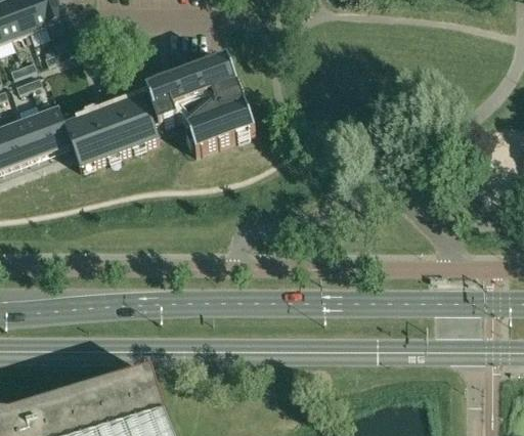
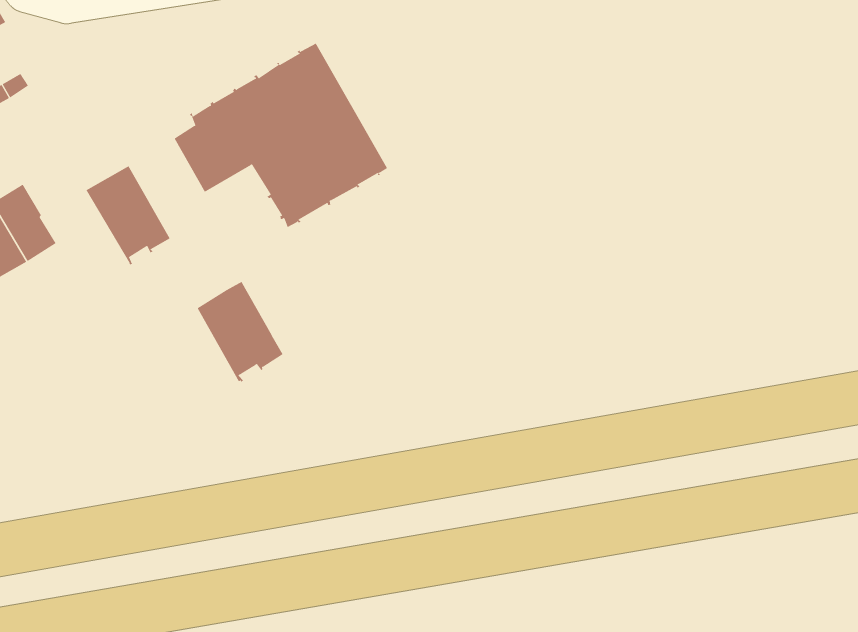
building: [113,98,155,152] -> [197,281,283,383]
building: [60,118,103,172] -> none

